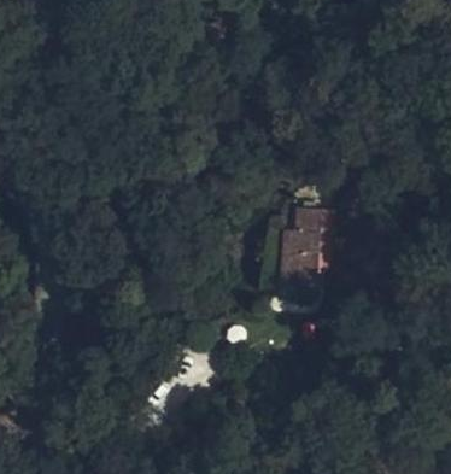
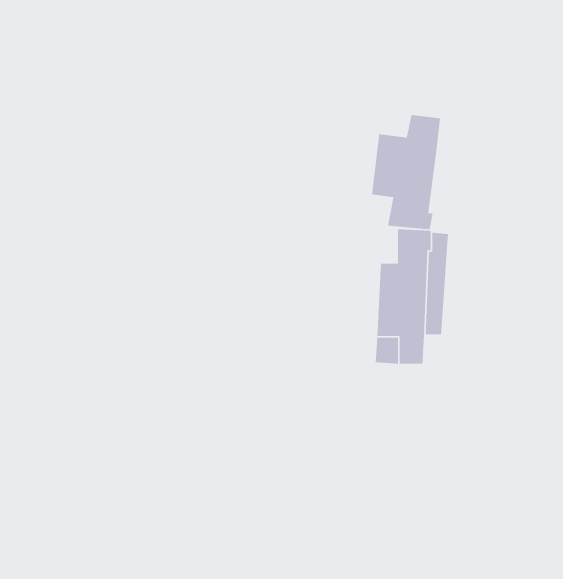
building: none -> [371,114,441,230]

